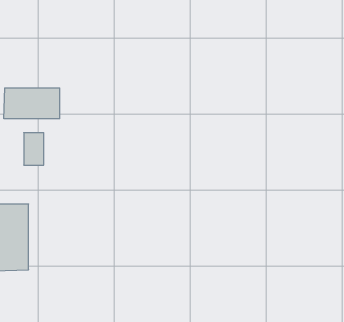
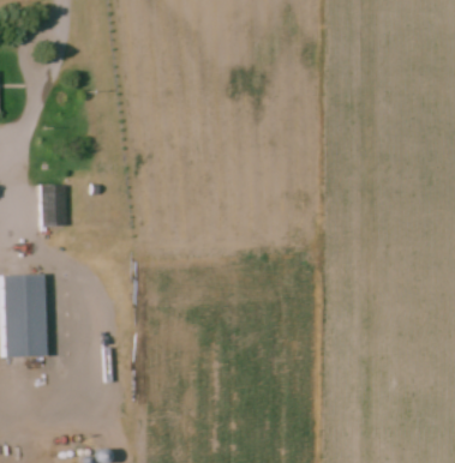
building: [4,88,60,119] -> none

